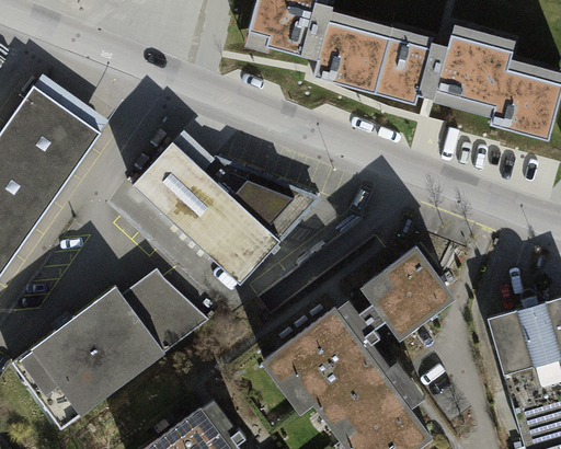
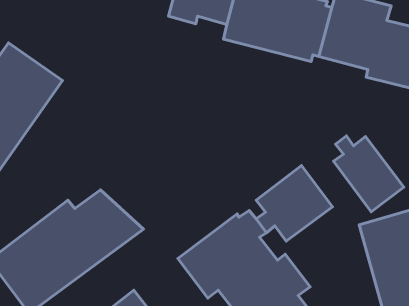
building: [128,130,322,287] -> none
building: none -> [334,136,404,212]

